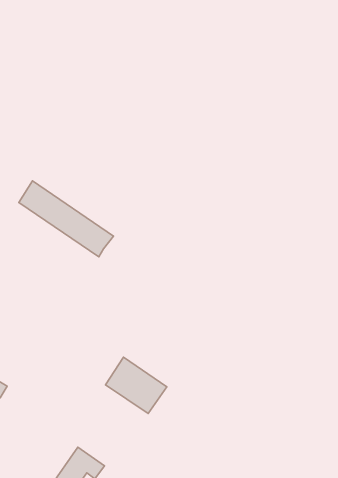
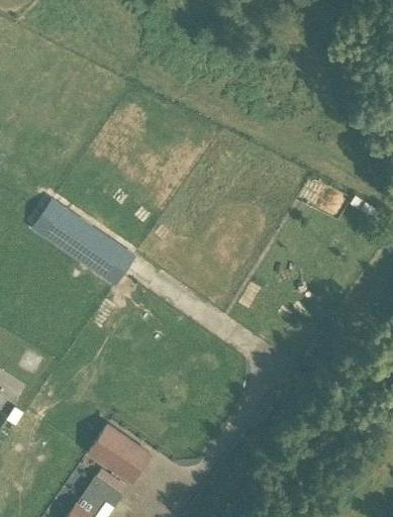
building: [106,357,167,413] -> [90,423,153,481]

